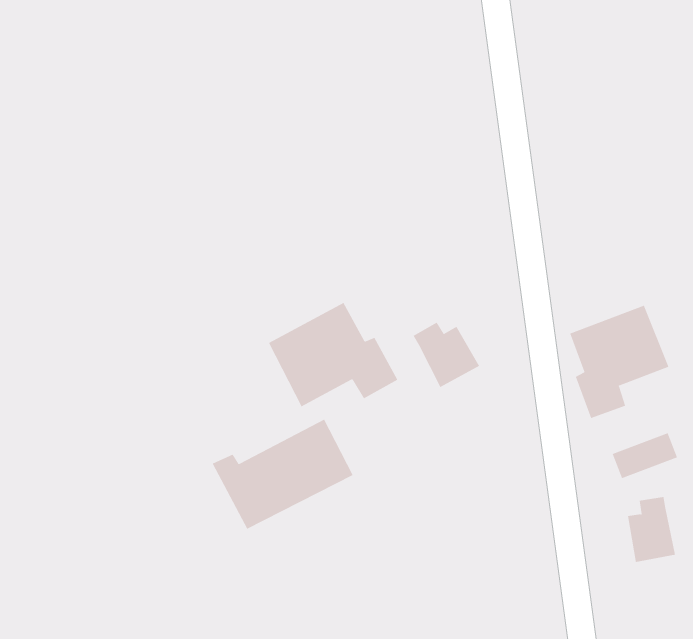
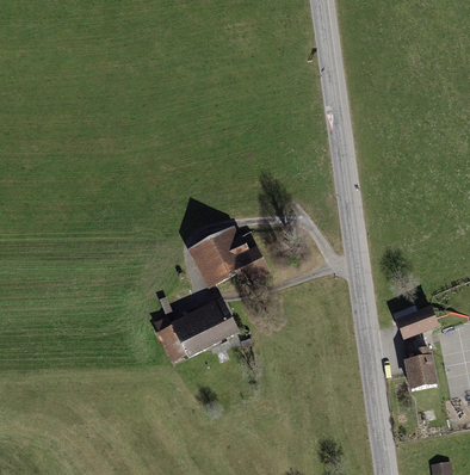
building: [569,305,669,419] -> none
building: [413,322,480,388] -> none

